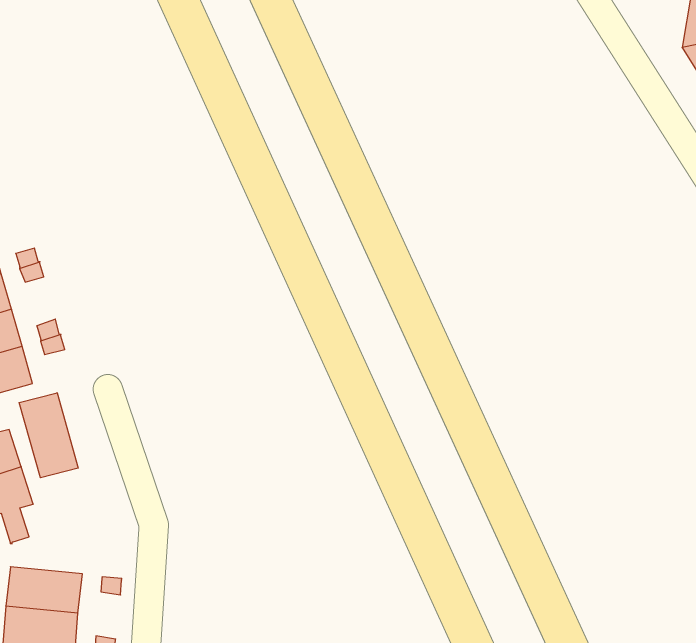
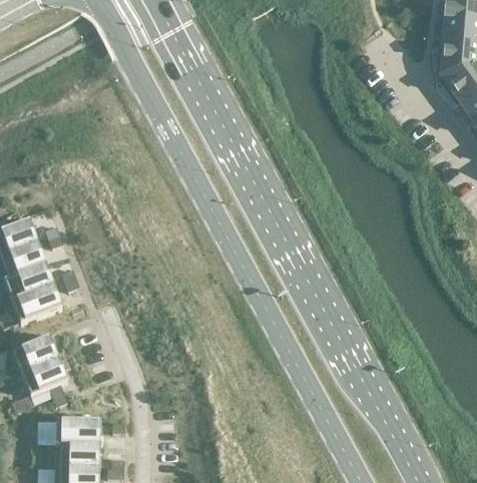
building: [19,393,78,478] -> none

